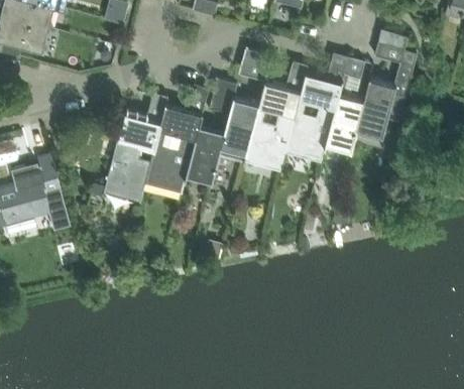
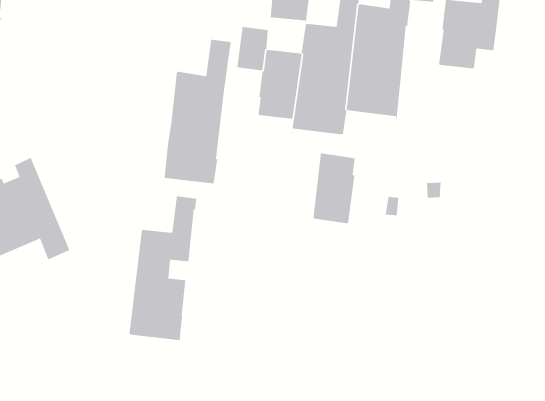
building: [104,94,168,204] -> [128,196,197,346]
building: [327,96,364,151] -> none
building: [187,126,224,183] -> [312,153,355,228]

